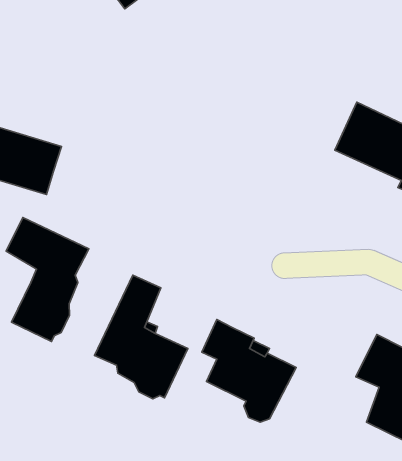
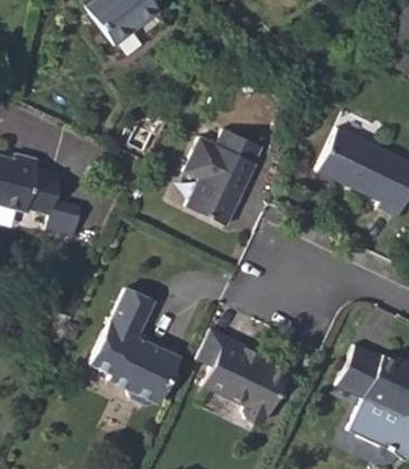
building: none -> [184,129,262,225]
building: none -> [44,192,80,234]
building: [6,217,89,342] -> none

